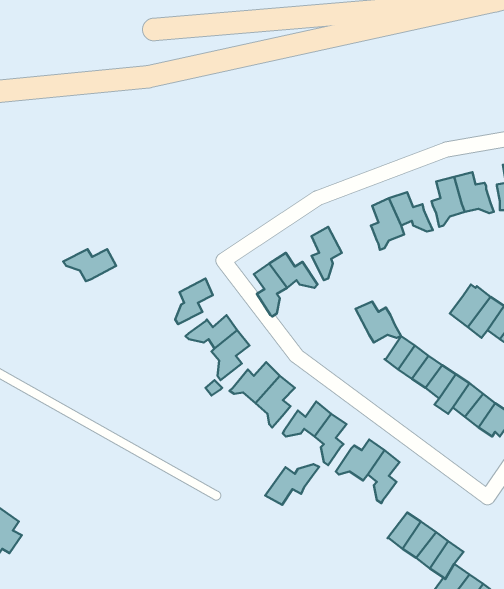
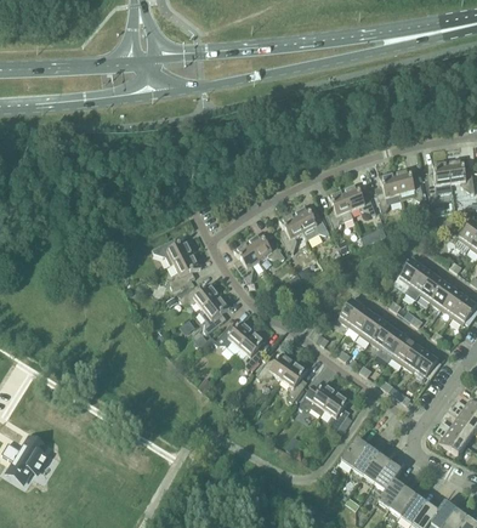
building: [63,249,116,281] -> [153,239,195,265]
building: [356,301,401,342] -> [294,205,330,238]
building: [265,464,319,505] -> none

